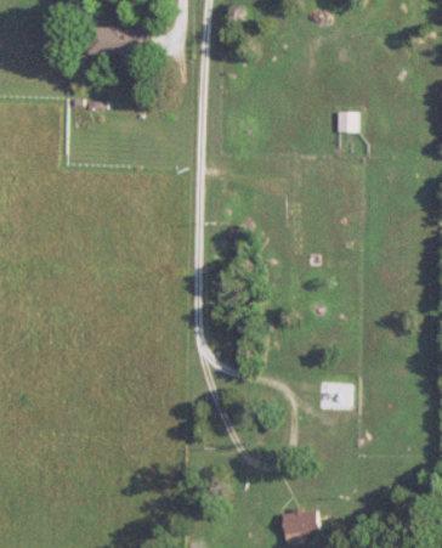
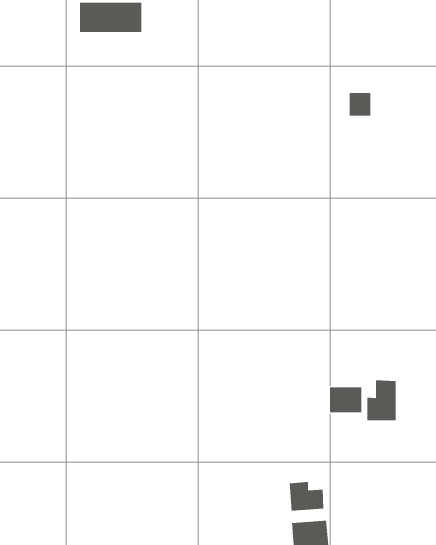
building: none -> [367,379,396,421]
building: none -> [289,481,324,512]

